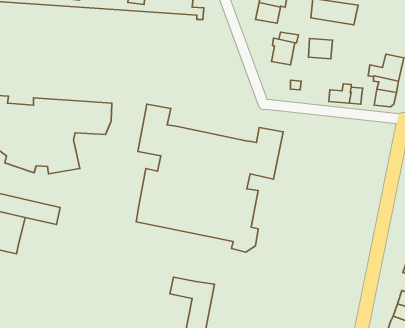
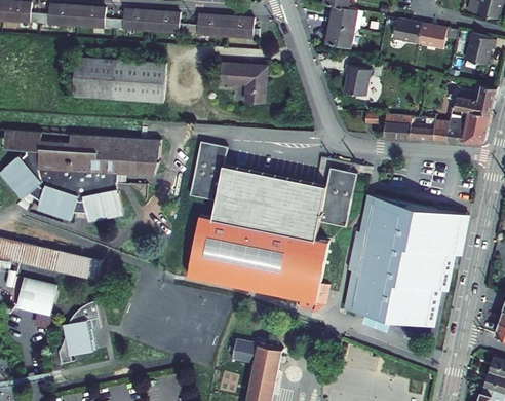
building: none -> [460,34,490,63]
building: none -> [73,57,165,102]
building: none -> [219,63,266,103]
building: [309,38,333,59] -> [384,114,412,138]
building: none -> [446,115,465,142]
building: none -> [346,195,467,325]
building: none -> [59,300,99,363]

